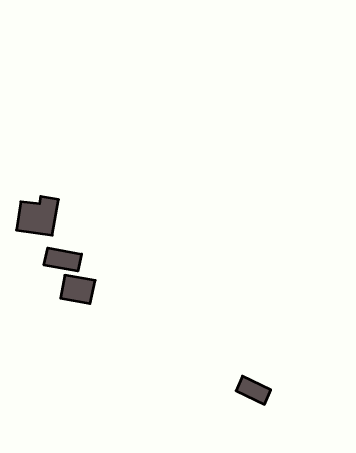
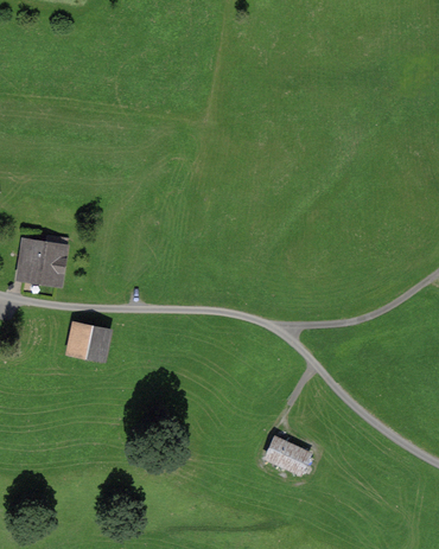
building: [44,248,82,271] -> none

